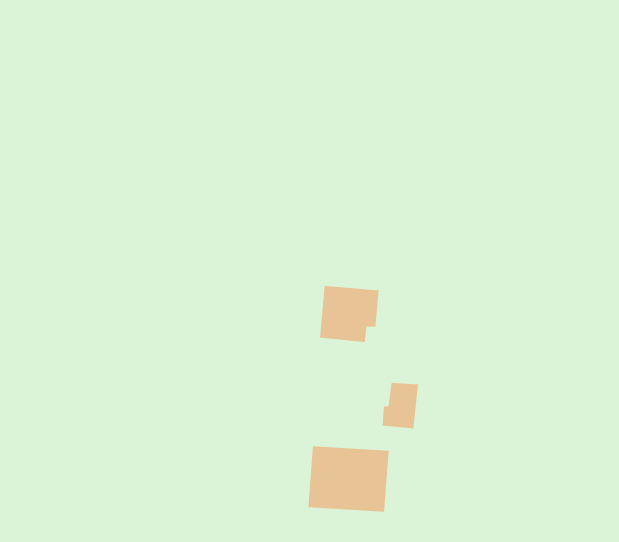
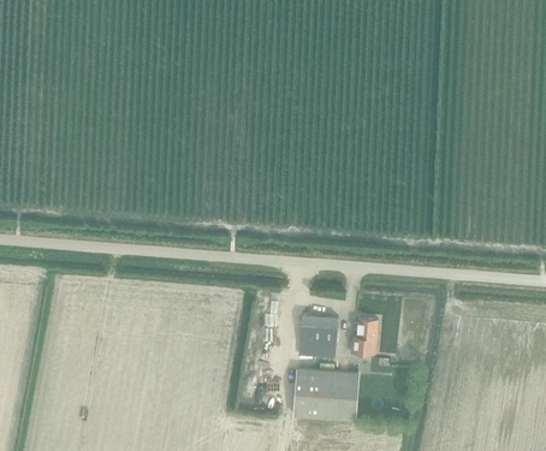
building: [319,285,379,343] -> [298,316,345,361]

